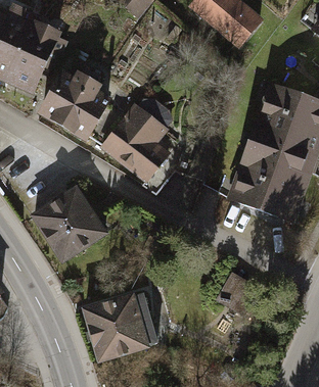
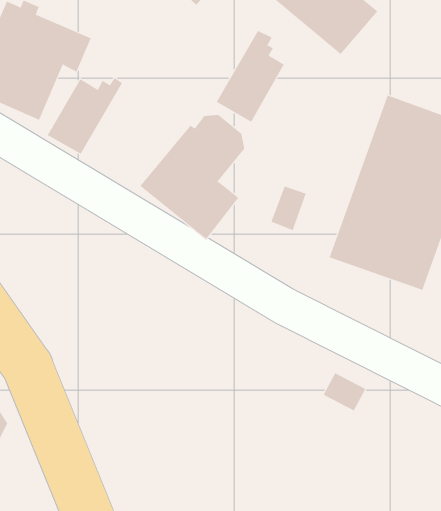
building: [59,74,106,137] -> [216,30,284,123]
building: [31,184,107,260] -> none
building: [84,287,157,356] -> none

